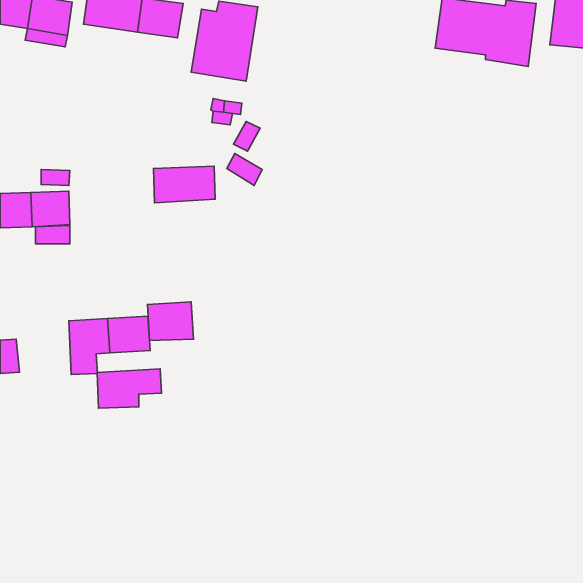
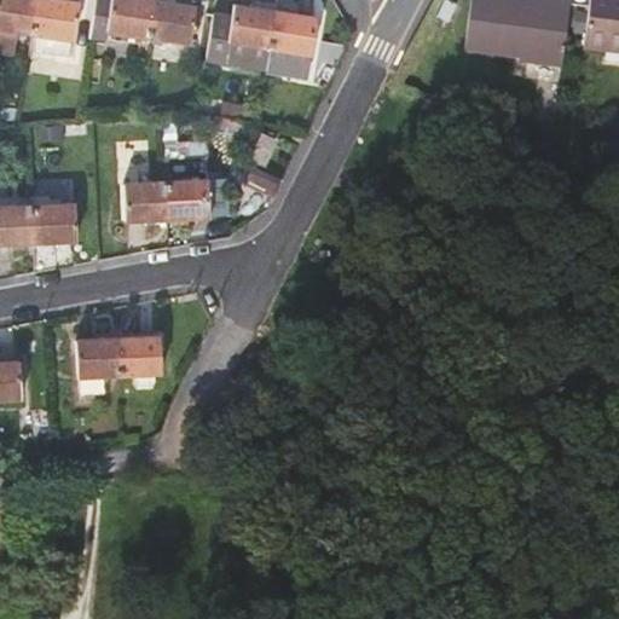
building: none -> [262,7,317,93]
building: none -> [122,178,166,215]
building: [147,302,193,341] -> none
building: [97,369,162,408] -> none

